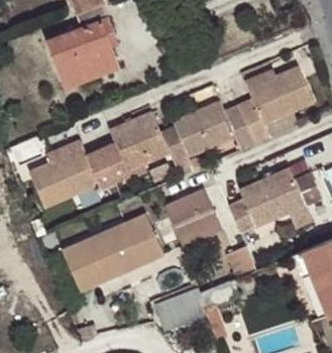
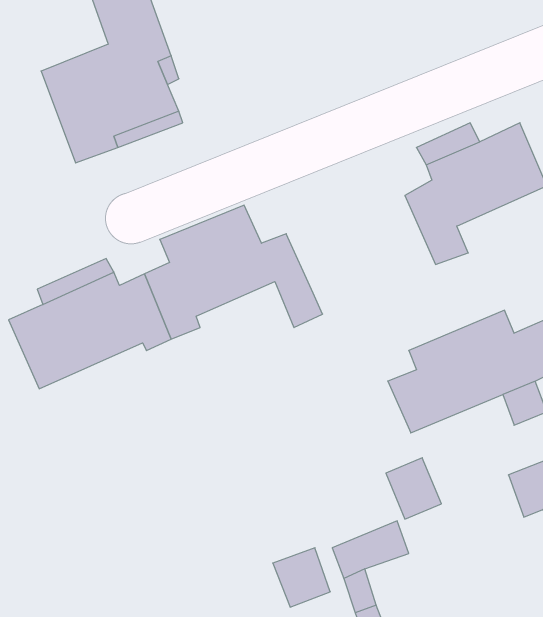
building: [173,99,254,157] -> none
building: [164,187,223,245] -> none
building: [63,212,165,289] -> none

